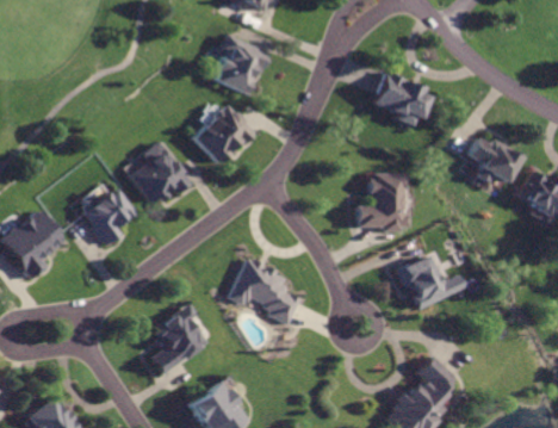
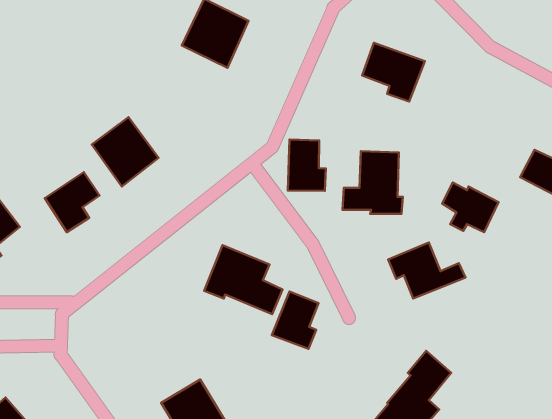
building: [192,105,253,166] -> none
building: [469,137,520,182] -> [442,182,498,232]
building: none -> [288,139,326,191]
building: none -> [272,292,318,349]
building: [149,304,205,373] -> none

